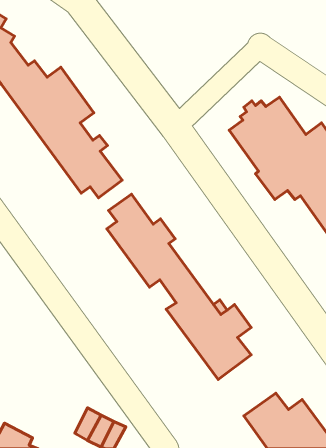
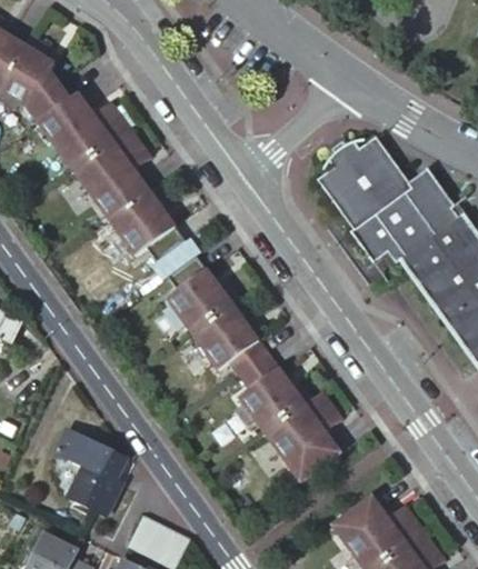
building: none -> [56,430,123,517]

